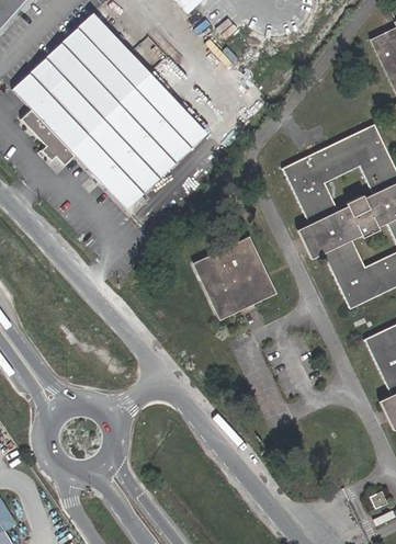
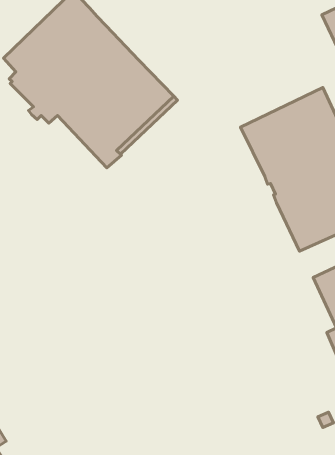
building: [296,224,323,259] -> none
building: [197,241,272,315] -> none

